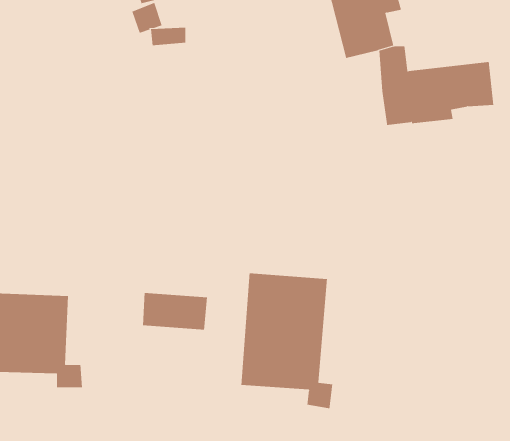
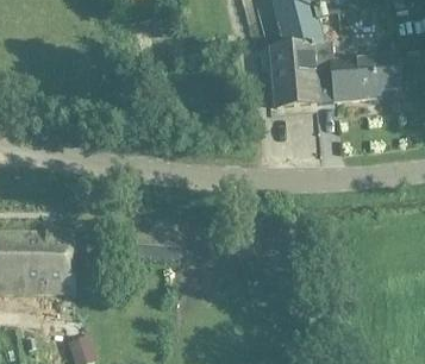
building: none -> [268,46,315,107]
building: [241,273,333,409] -> none

